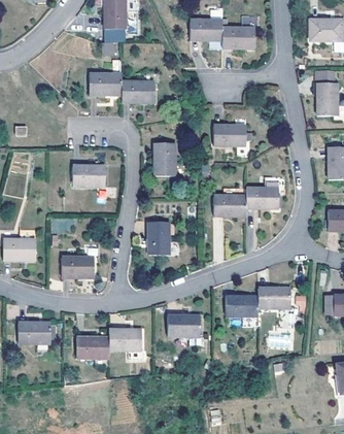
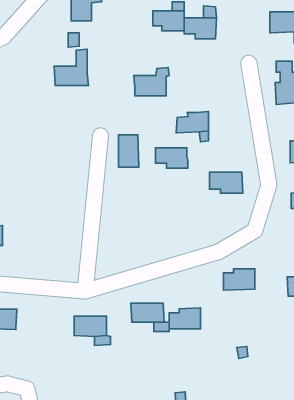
building: [122,75,158,104] -> [134,68,169,96]
building: [71,166,104,188] -> none
building: [214,194,247,214] -> [155,148,188,168]
building: [147,224,177,258] -> none
building: [61,258,94,278] -> none
building: [229,291,261,312] -> [169,308,200,329]
building: [75,340,108,361] -> none

